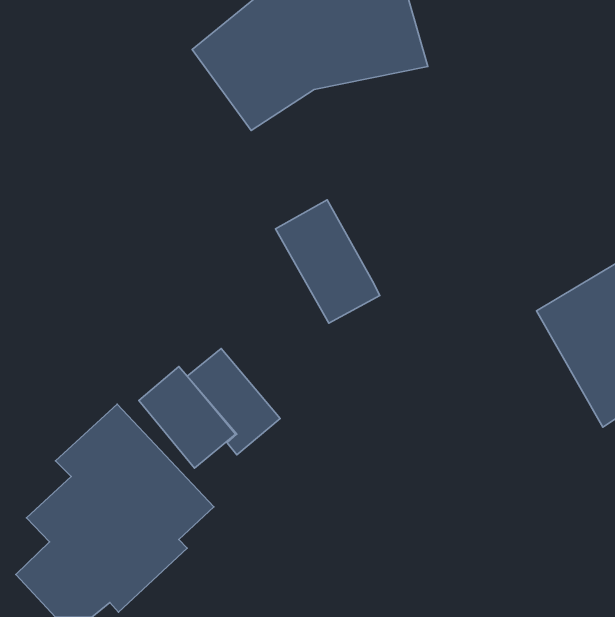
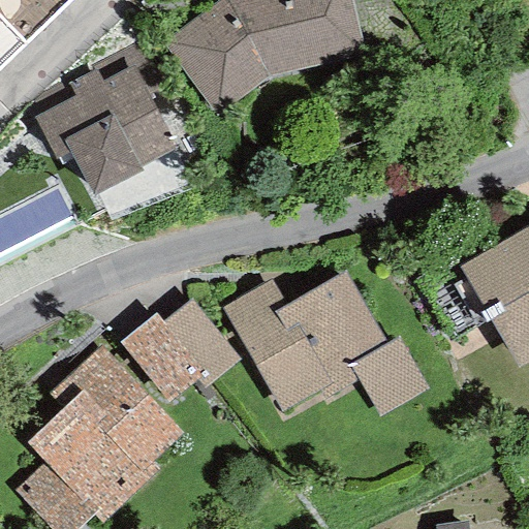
building: none -> [34,43,176,195]
building: [276,200,380,323] -> none
building: none -> [224,272,430,415]

